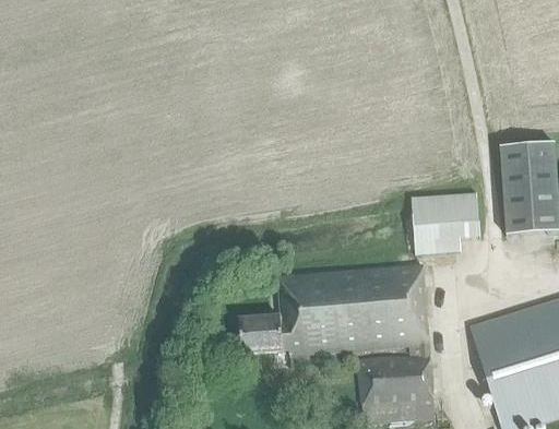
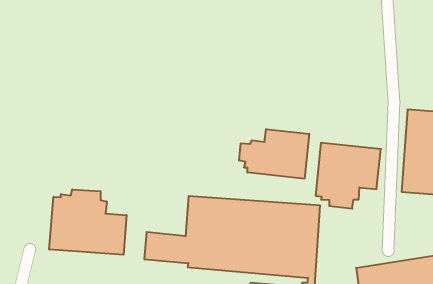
building: none -> [239,129,309,179]
building: none -> [49,189,126,255]

